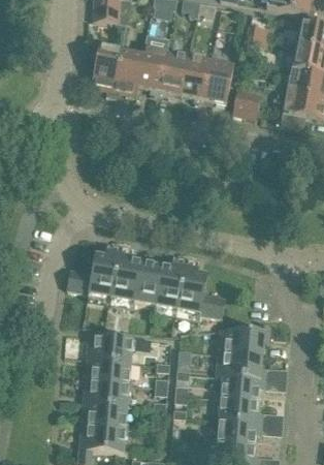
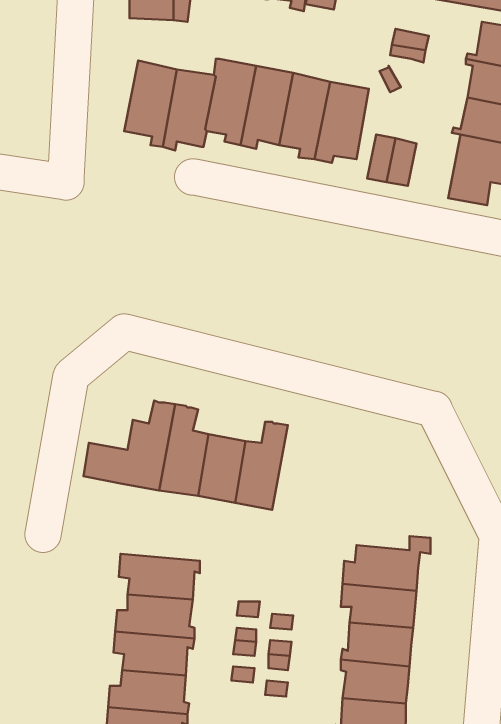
building: [176,258,225,316] -> none

